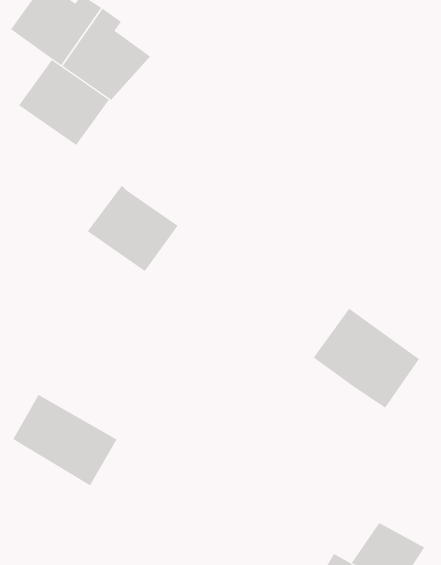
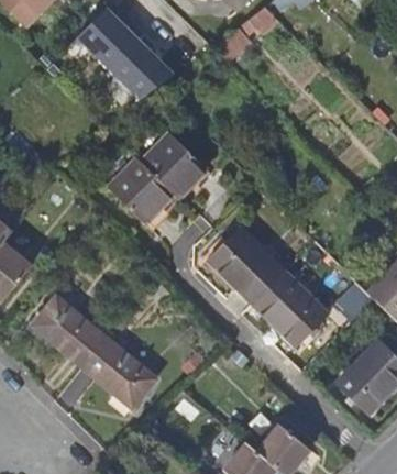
building: [18,59,110,146] -> [141,135,206,199]
building: none -> [208,228,283,302]
building: none -> [81,338,155,408]

